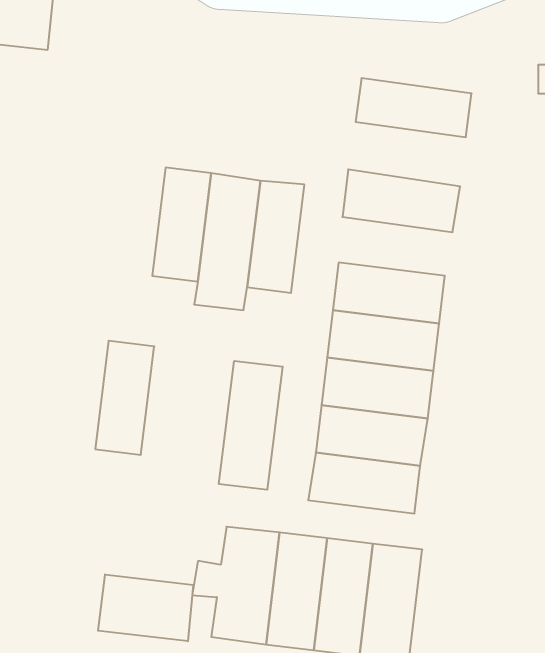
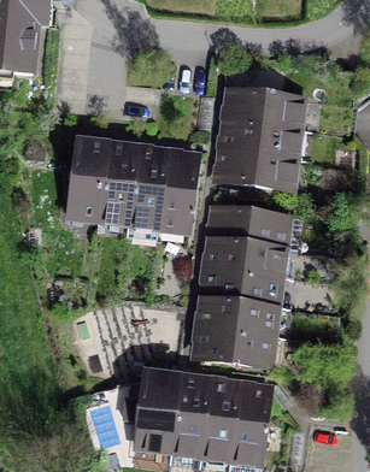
building: none -> [223,116,298,157]
building: [95,341,154,455] -> [70,141,107,213]
building: [219,361,283,490] -> none
building: [98,574,193,641] -> none

